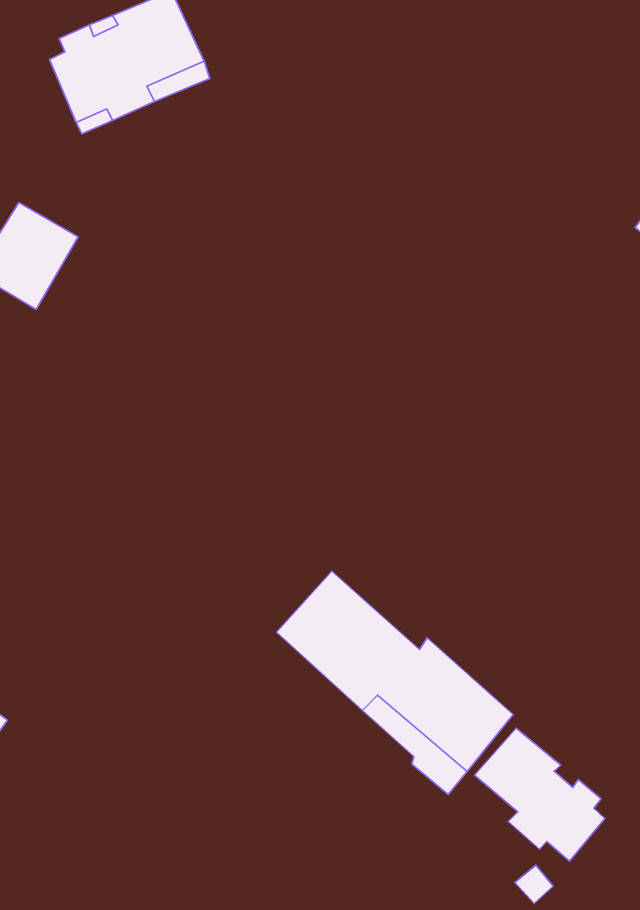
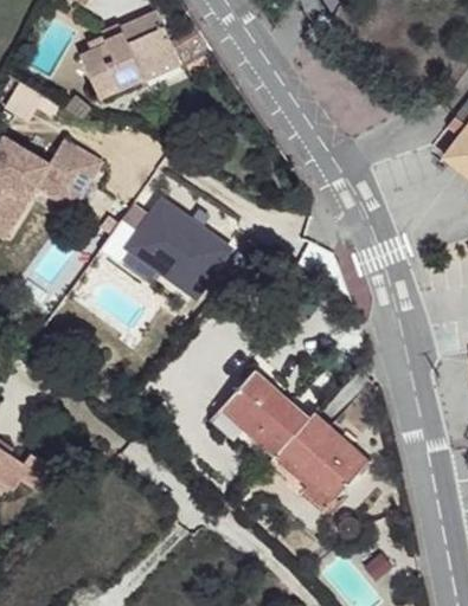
building: none -> [122,204,226,292]
building: [475,728,605,861] -> none

